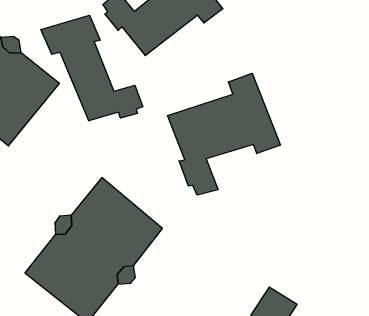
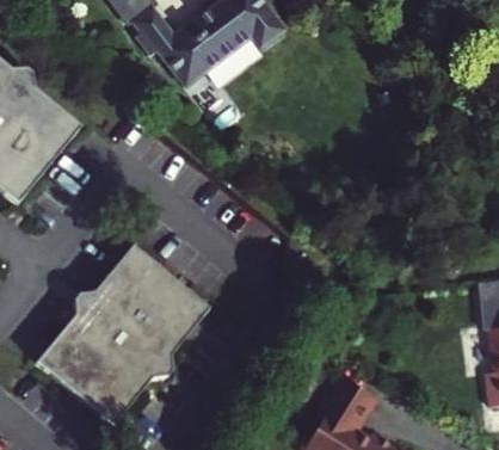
building: [41,15,143,121] -> none
building: [167,73,280,195] -> none

